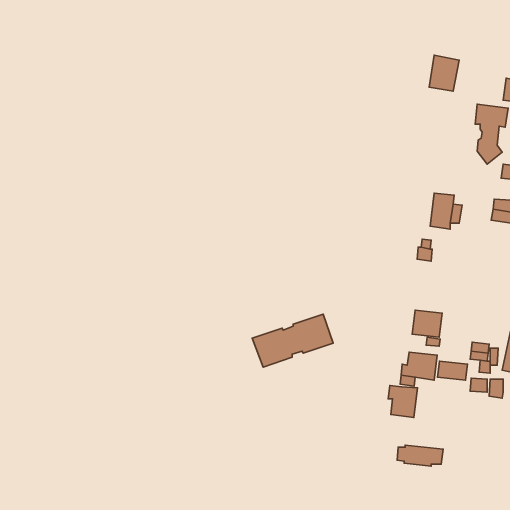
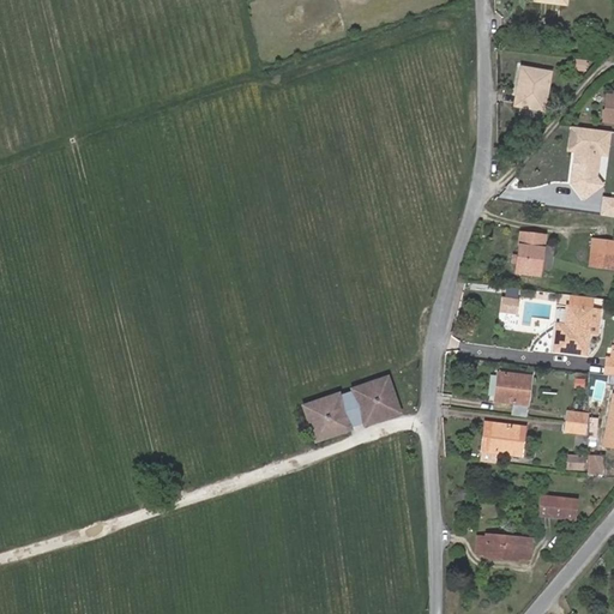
building: none -> [555,294,601,354]
building: [437,361,467,380] -> [541,495,577,518]
building: [388,386,418,418] -> none

